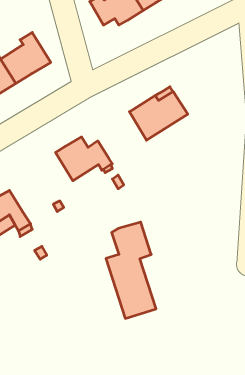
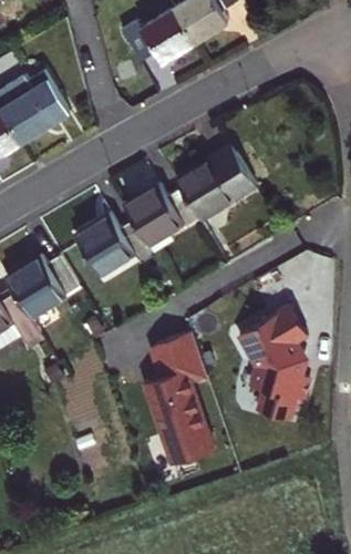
building: none -> [125,185,200,245]
building: none -> [8,255,81,317]
building: none -> [231,308,301,422]

